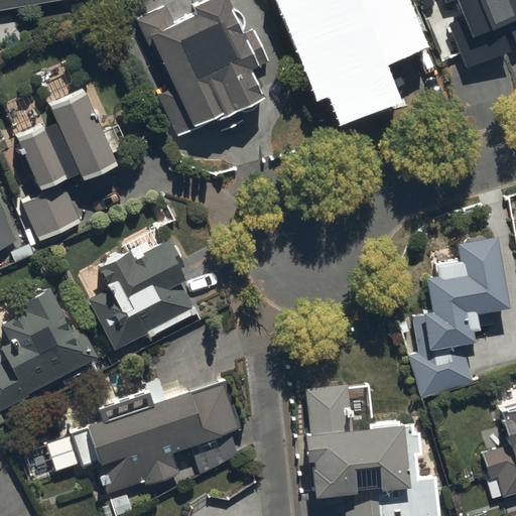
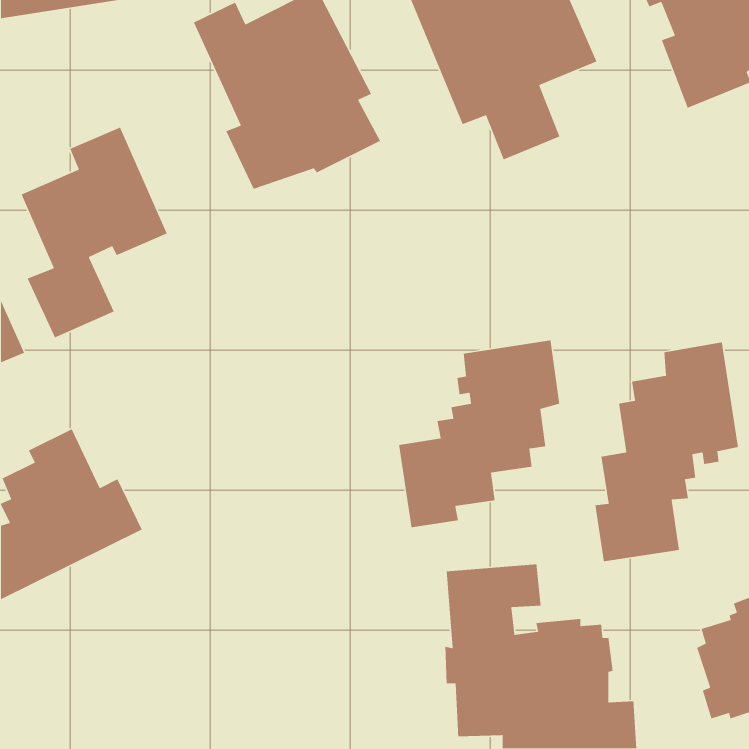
building: none -> [398,340,560,528]
building: [90,244,194,352] -> none
building: [26,382,242,494] -> none

